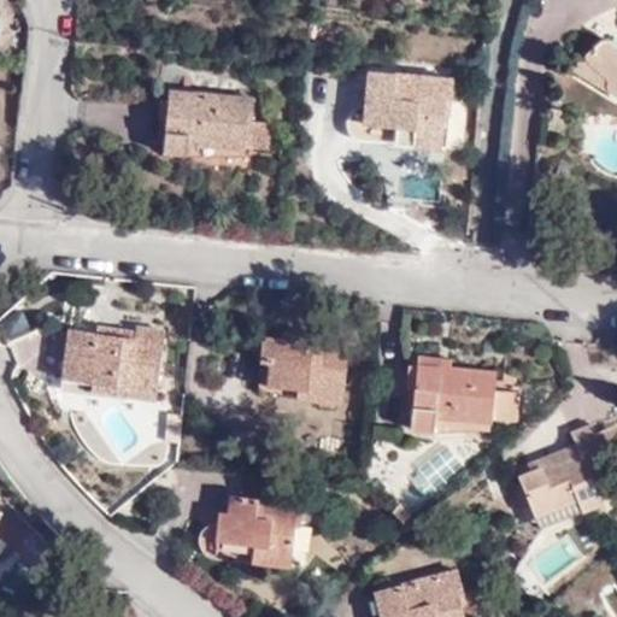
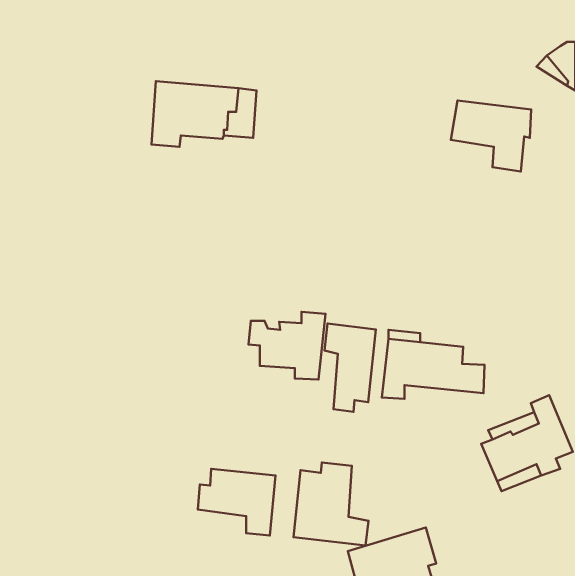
building: [370,76,456,152] -> [451,100,531,172]
building: [59,335,160,407] -> none
building: none -> [325,324,376,412]
building: none -> [293,462,369,546]

